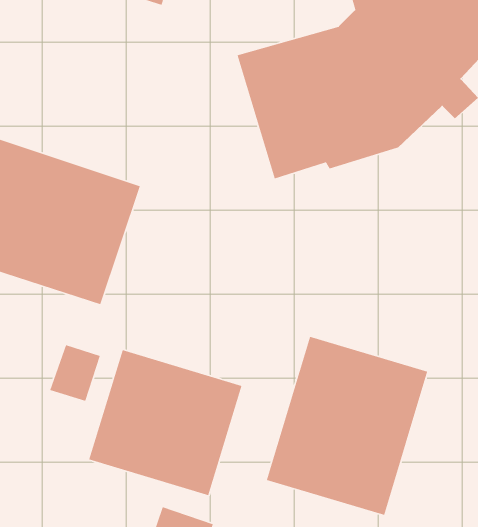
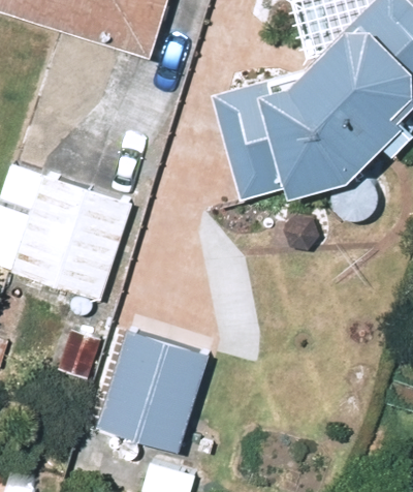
building: [266,336,428,516] -> none

